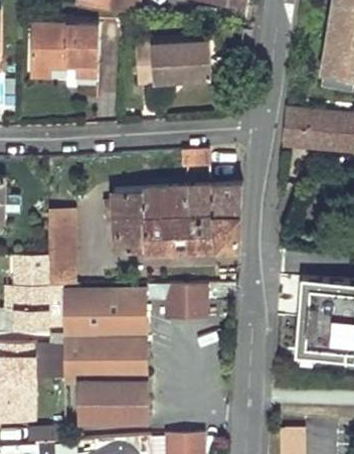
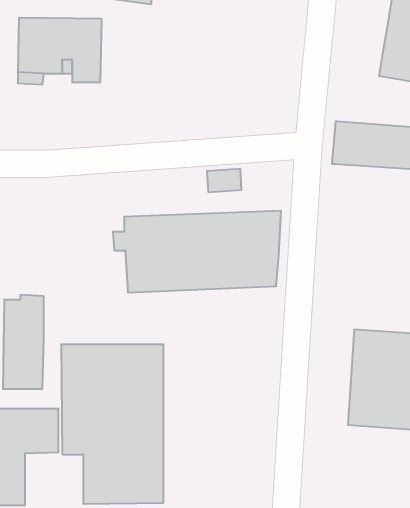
building: [134,43,207,85] -> none
building: [48,208,78,286] -> none
building: [148,285,206,317] -> none

